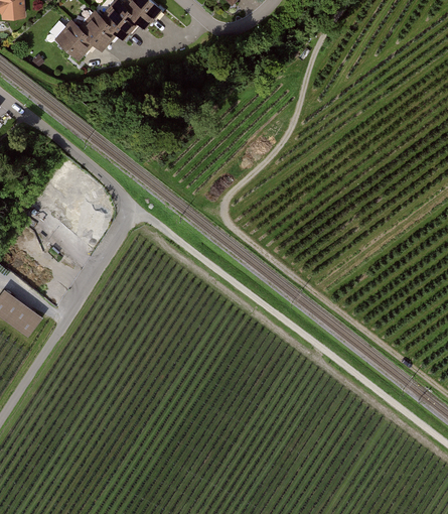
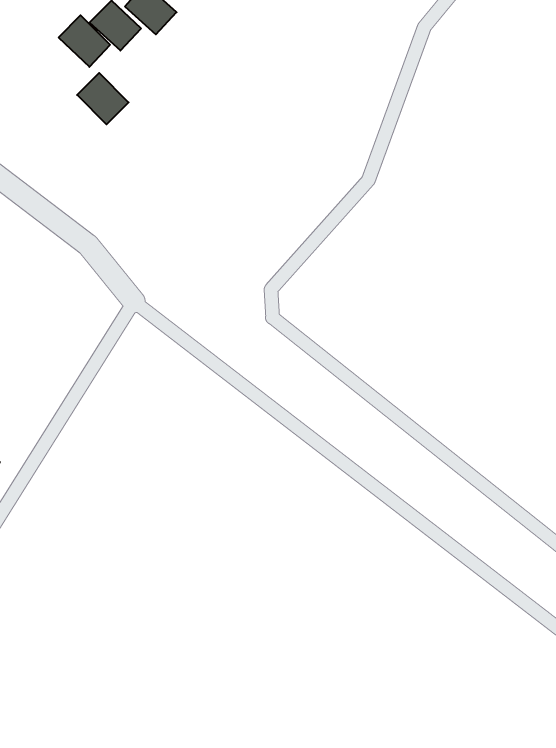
building: [56,22,92,57] -> [77,73,129,124]

